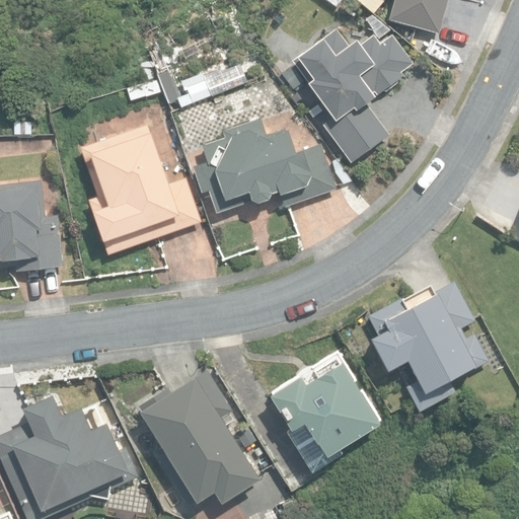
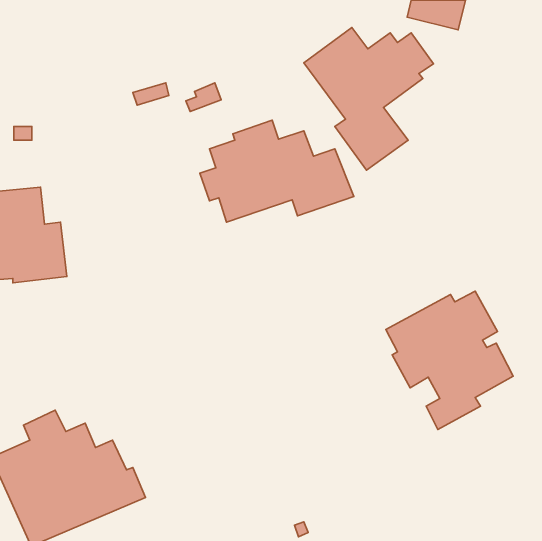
building: [81,125,203,255] -> none
building: [269,353,380,472] -> none
building: [138,370,261,507] -> none

